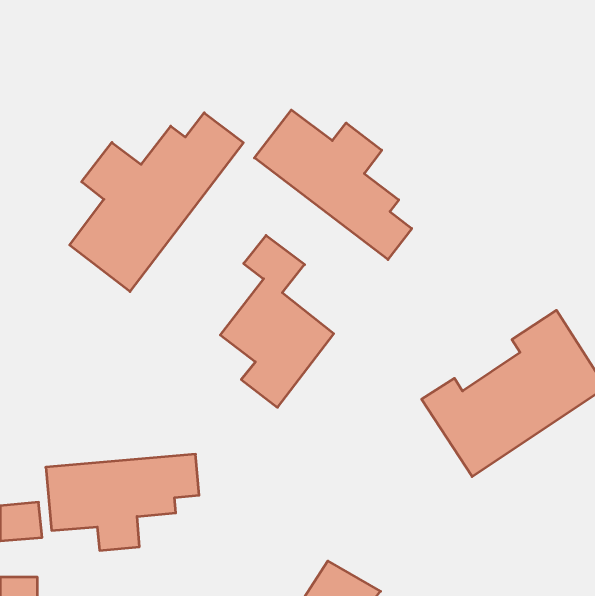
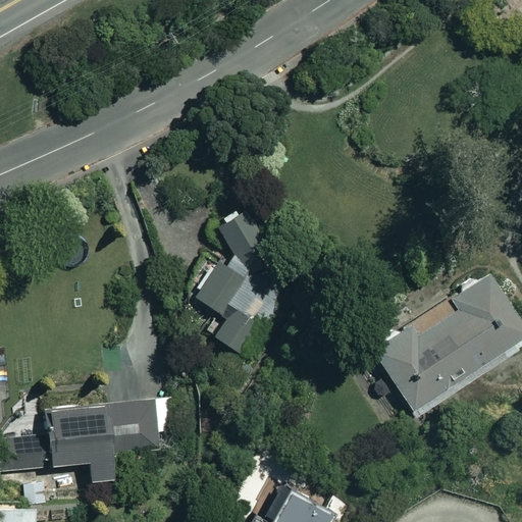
building: [254,110,412,260] -> none
building: [70,113,243,292] -> none

